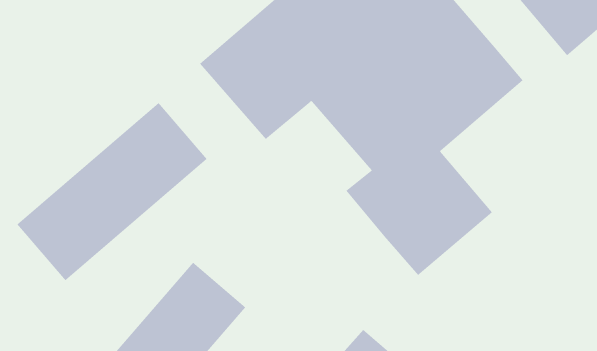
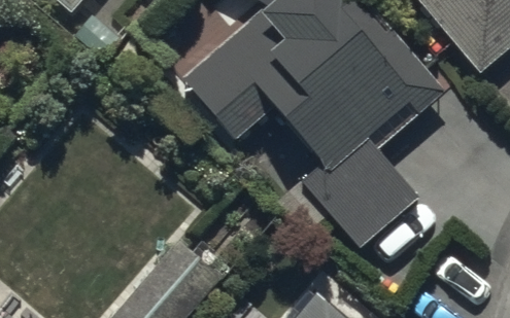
building: [17,102,207,281] -> none

